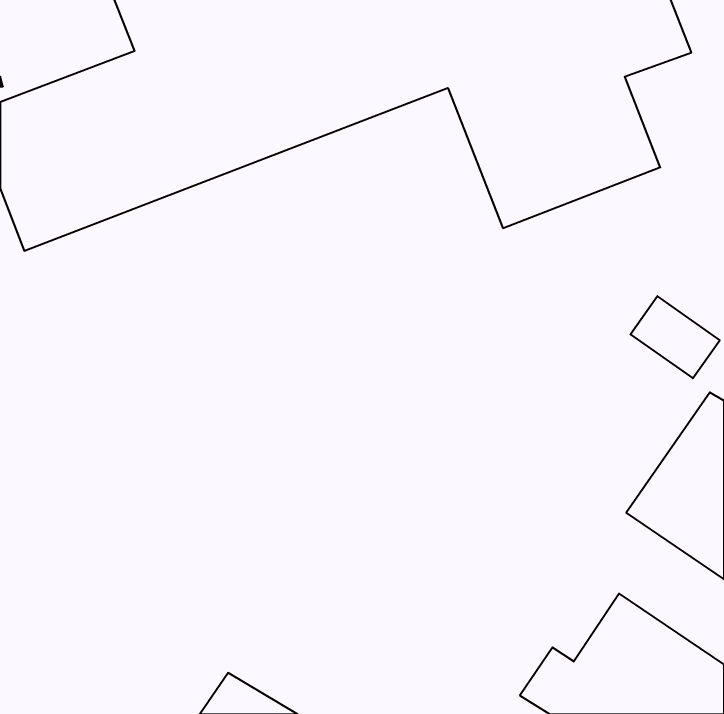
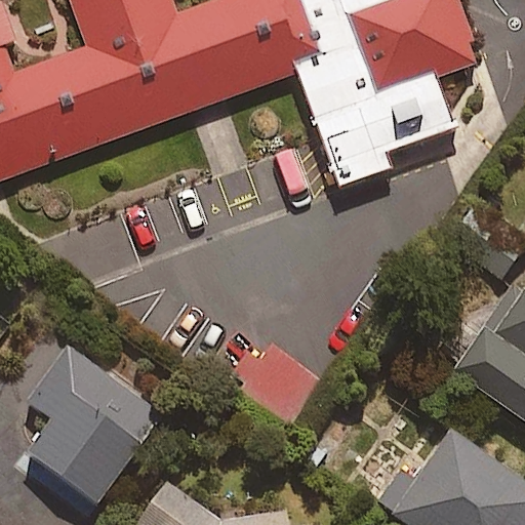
building: none -> [26,344,161,502]

